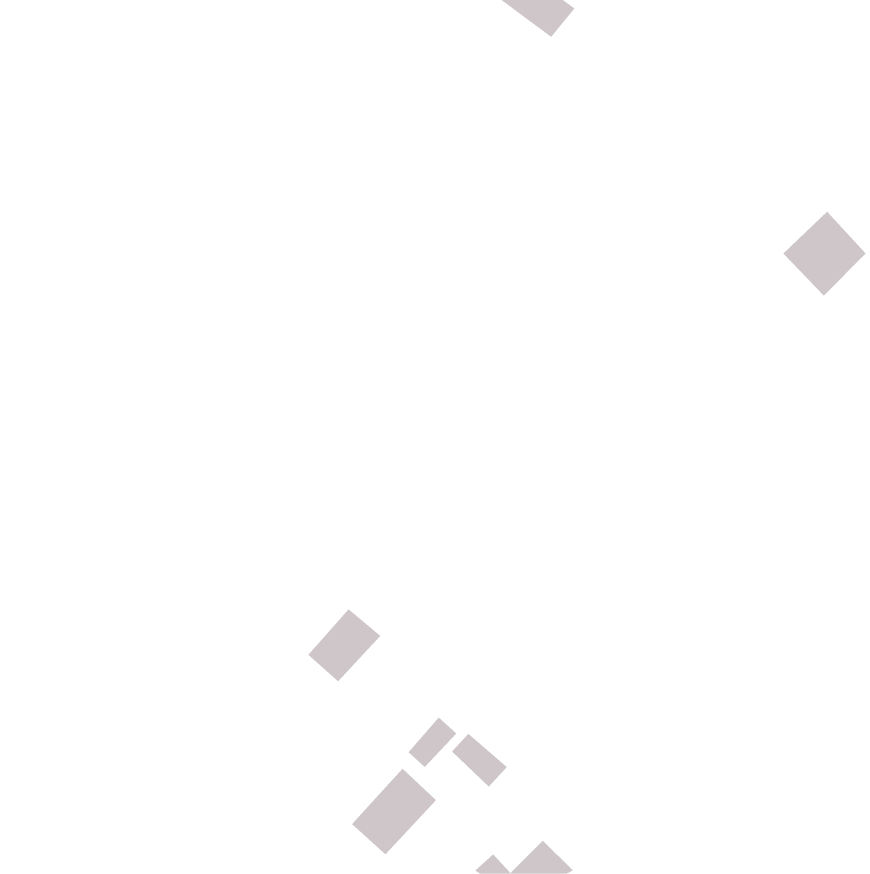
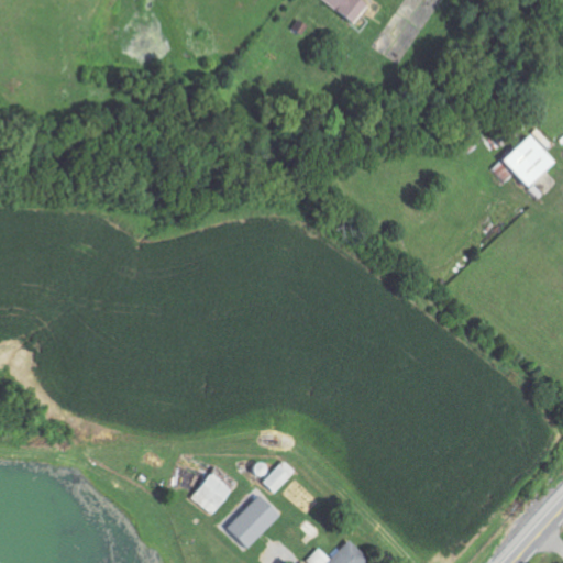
building: [307,608,381,682] -> [189,467,236,515]
building: [451,733,508,788] -> none

